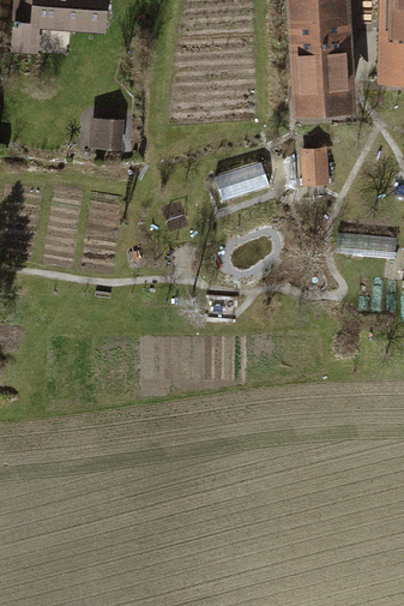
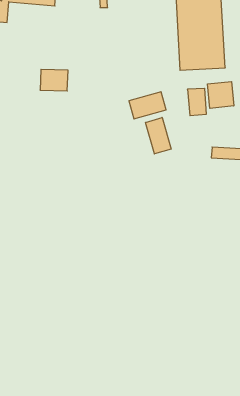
building: none -> [208,82,234,108]
building: none -> [146,117,171,154]

